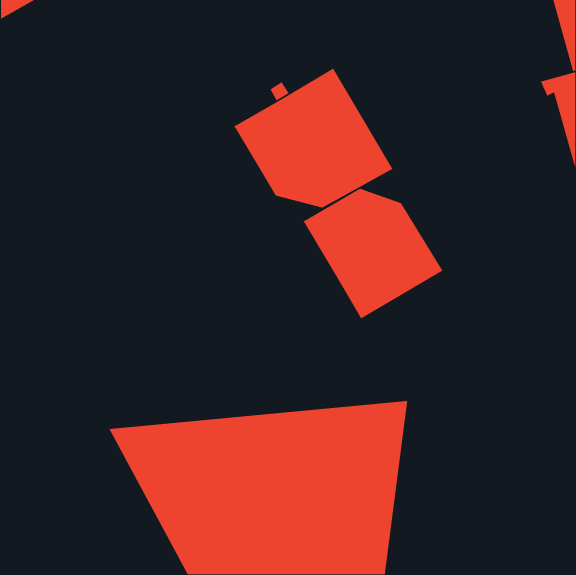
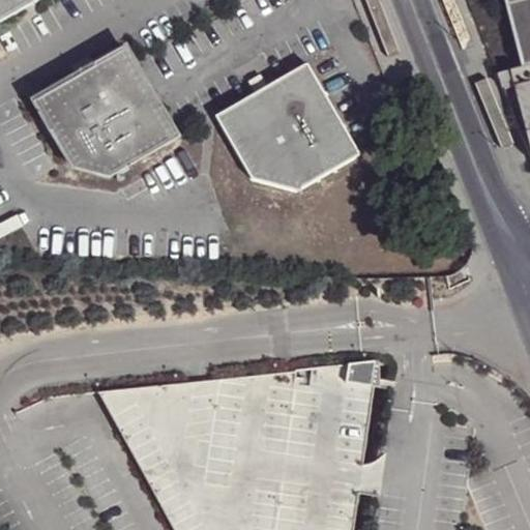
building: none -> [34,43,180,174]
building: [303,188,444,319] -> none

